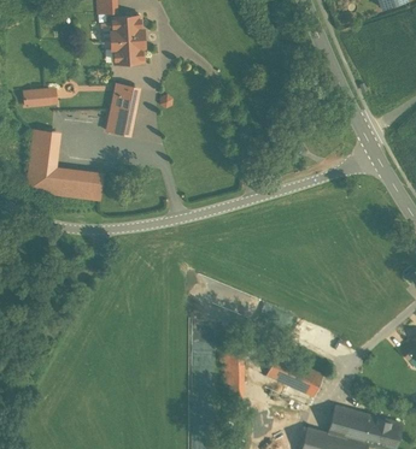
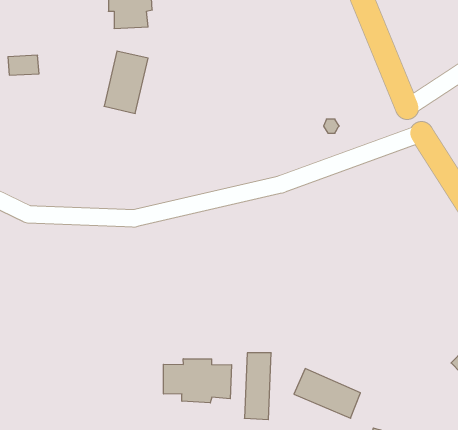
building: [27,130,102,199] -> none
building: none -> [163,359,232,403]

